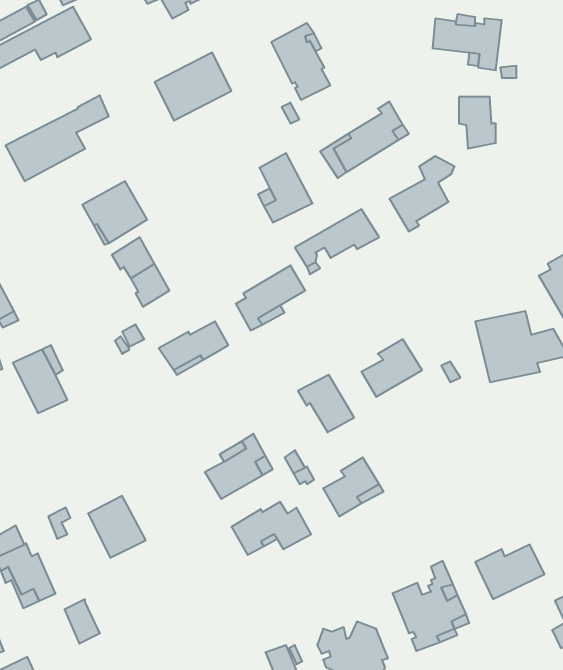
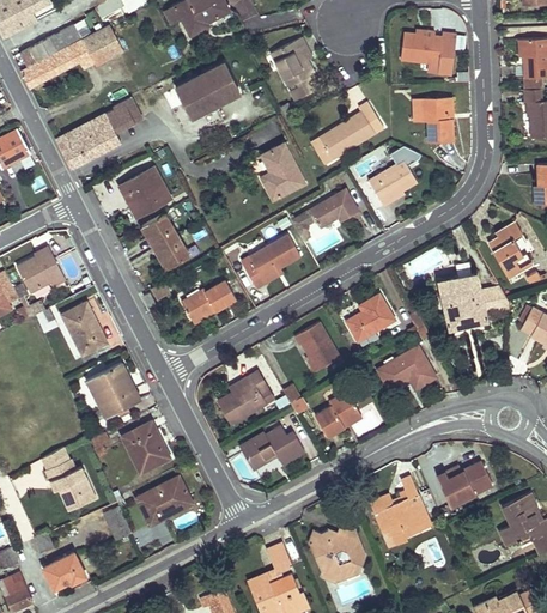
building: none -> [377,347,434,392]
building: none -> [86,362,141,418]
building: none -> [136,475,194,524]

